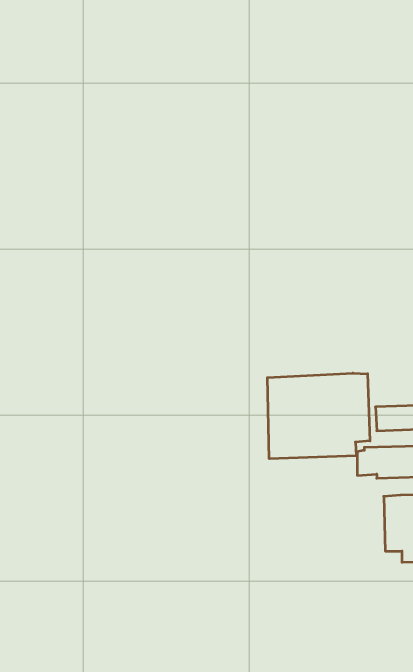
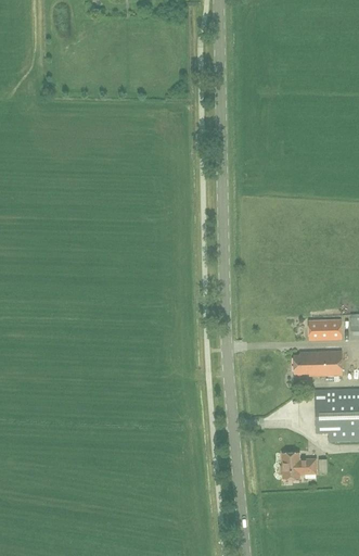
building: [267,373,370,459] -> none
building: none -> [282,452,316,478]

